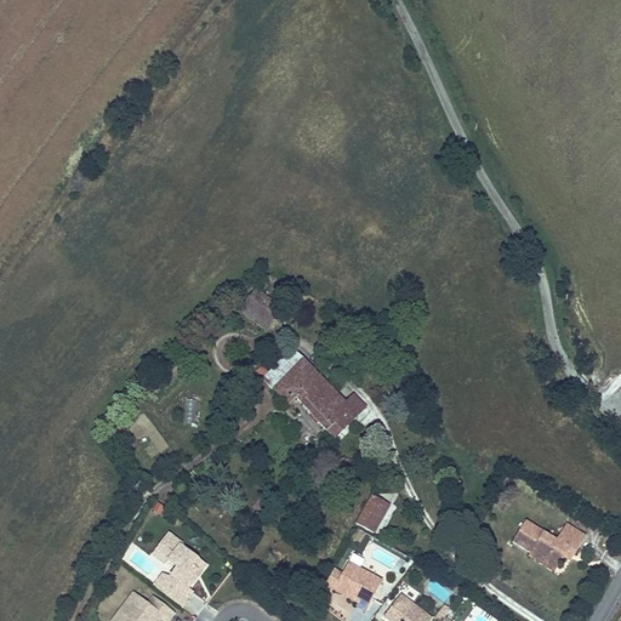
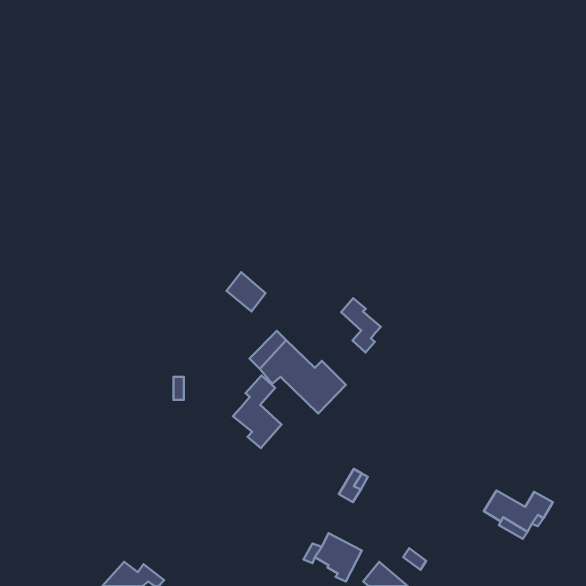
building: none -> [341,298,381,352]
building: none -> [233,375,281,448]
building: [153,532,206,606] -> none

